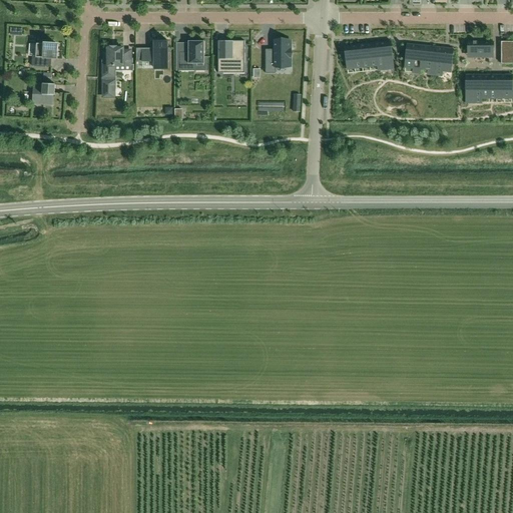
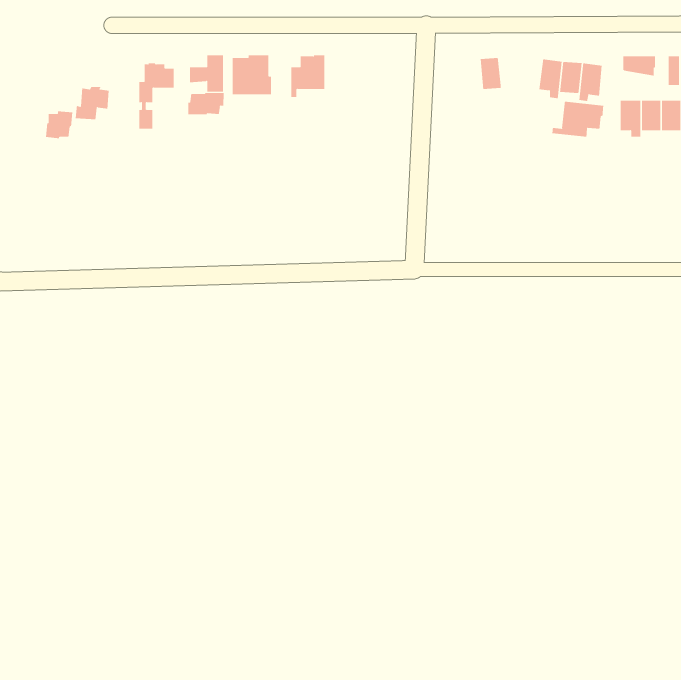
building: [266,42,293,74] -> none
building: [375,42,393,72] -> none
building: [32,43,58,68] -> [75,86,109,120]
building: [342,45,363,70] -> none
building: none -> [188,92,224,115]
building: none -> [552,101,604,137]

